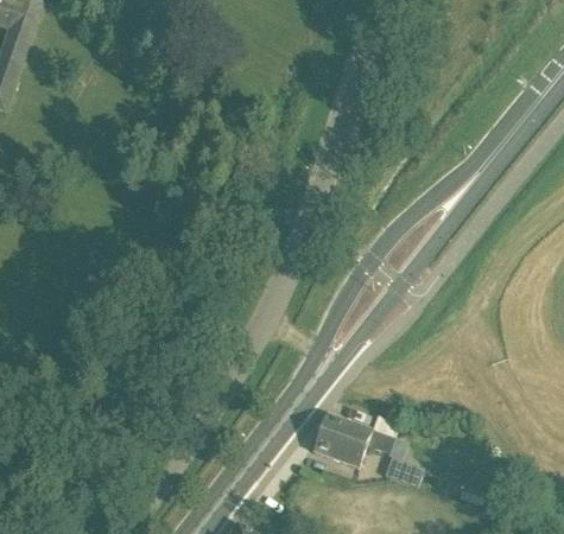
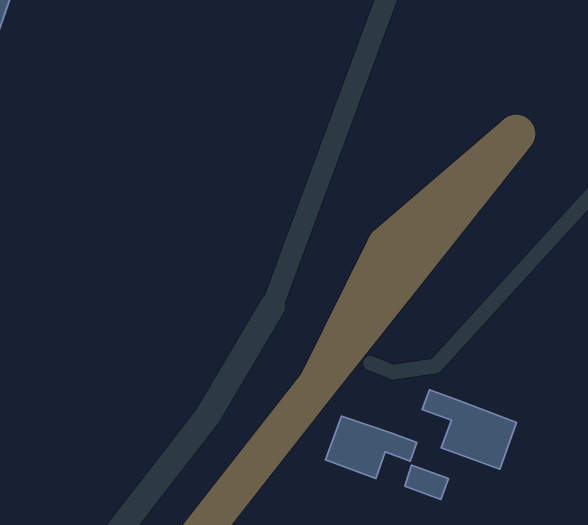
building: none -> [422,390,517,469]

